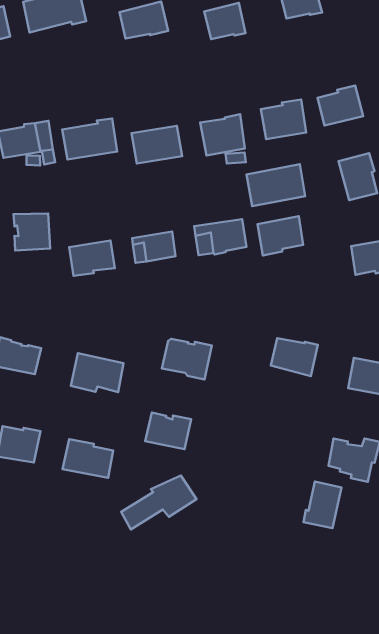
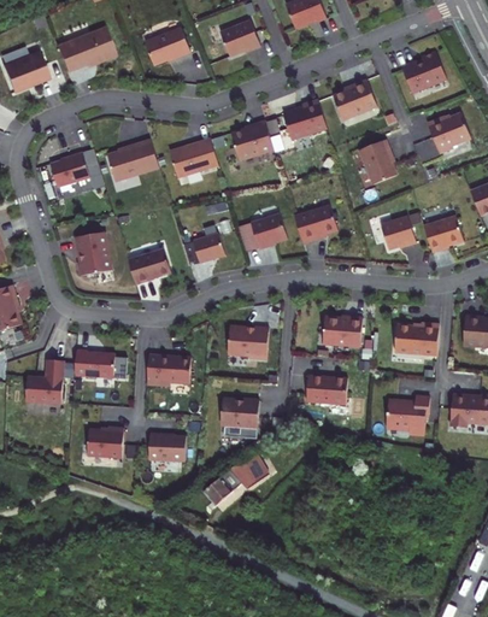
building: [247,164,305,206] -> none
building: none -> [306,375,348,404]
building: [304,481,341,528] -> none

